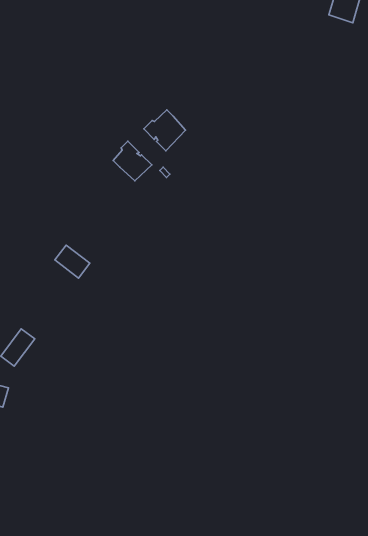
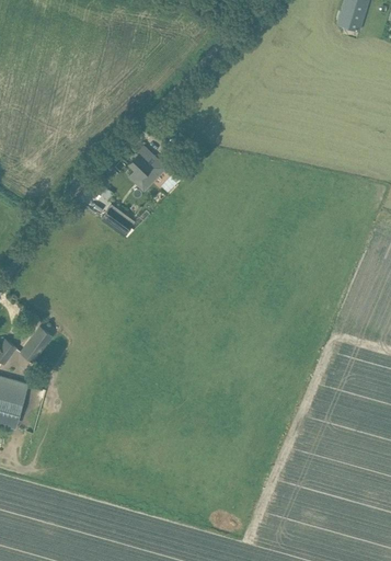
building: [144,110,186,151] -> none
building: [55,245,90,278] -> [102,204,136,236]

